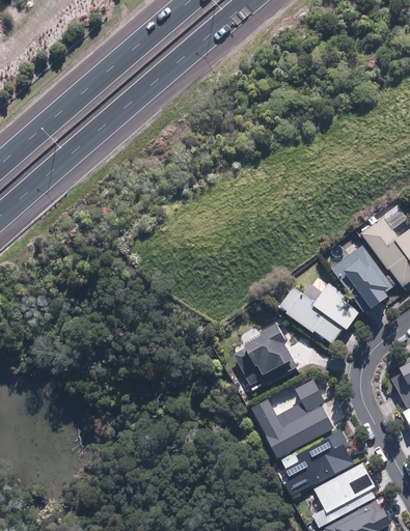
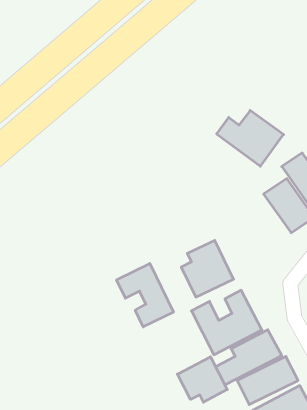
building: [280,280,361,347] -> [217,110,284,166]
building: none -> [117,263,173,327]
building: none -> [177,357,227,402]

